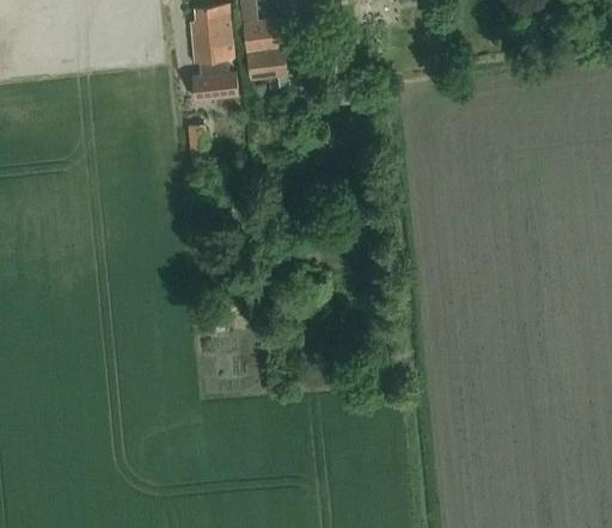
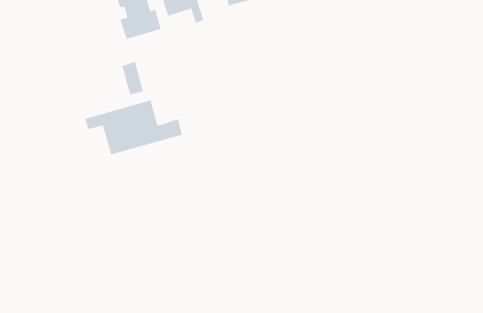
building: none -> [85,100,183,155]

